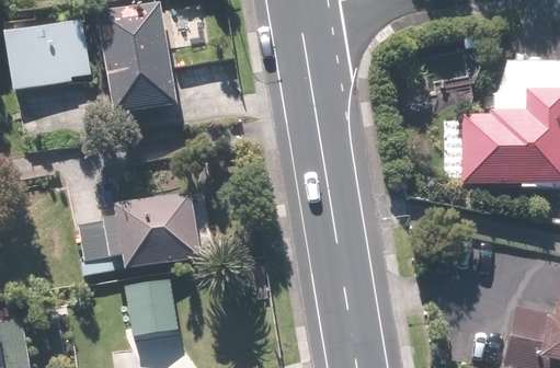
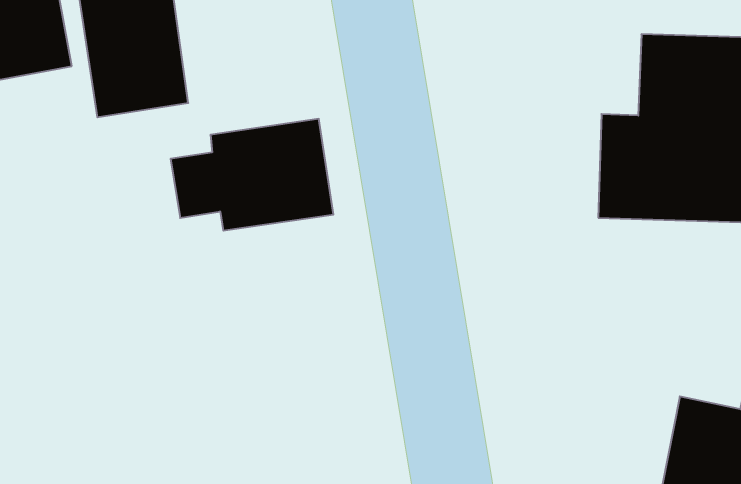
building: [88,193,199,269] -> [171,119,333,231]
building: [126,280,180,335] -> none

